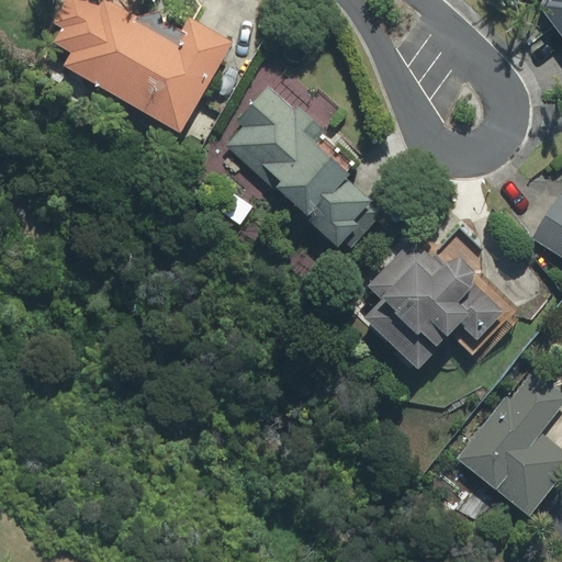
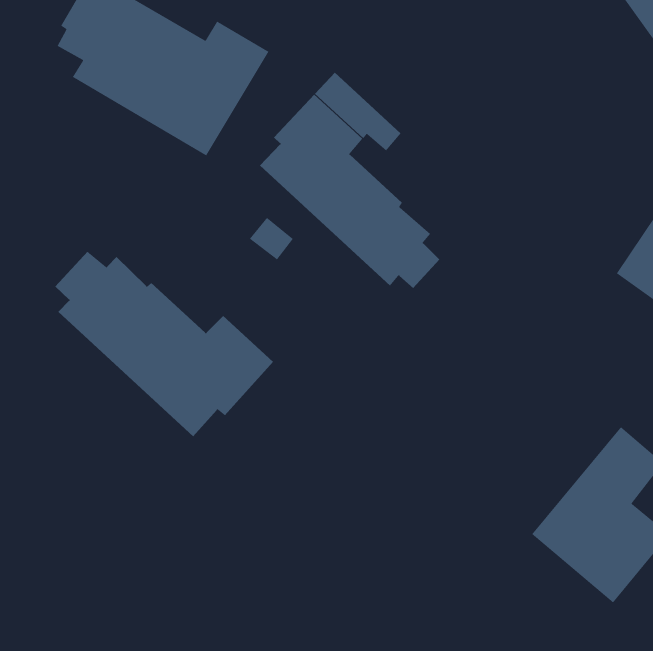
building: none -> [54,251,274,437]
building: [360,224,526,371] -> none

